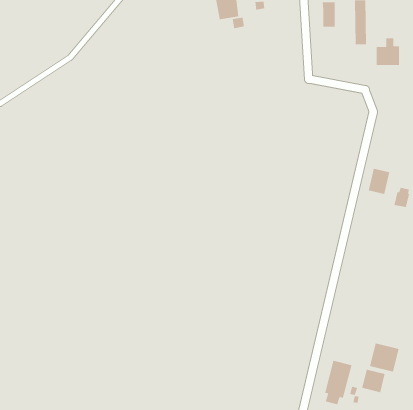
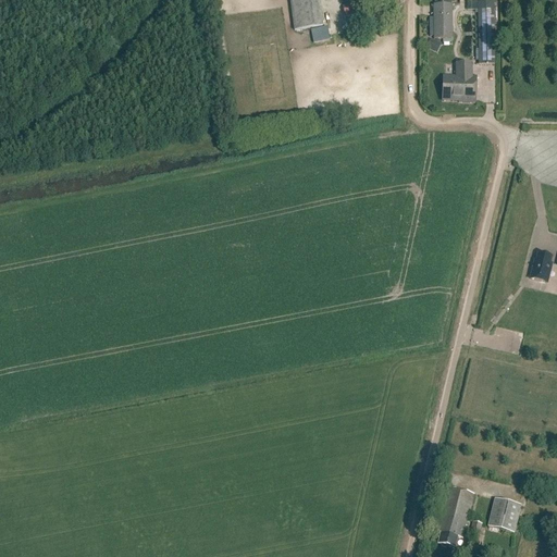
building: [376,37,400,66] -> [443,62,475,100]
building: [368,168,390,195] -> none
building: [369,343,400,373] -> none

